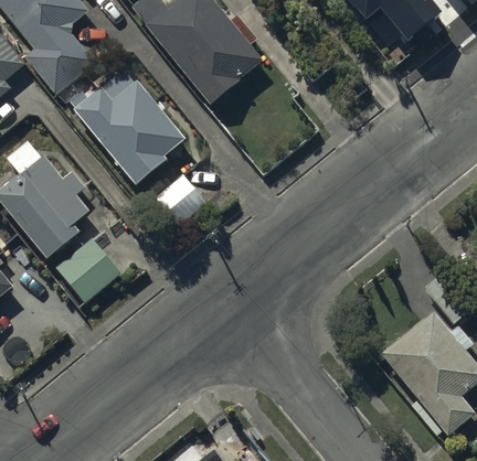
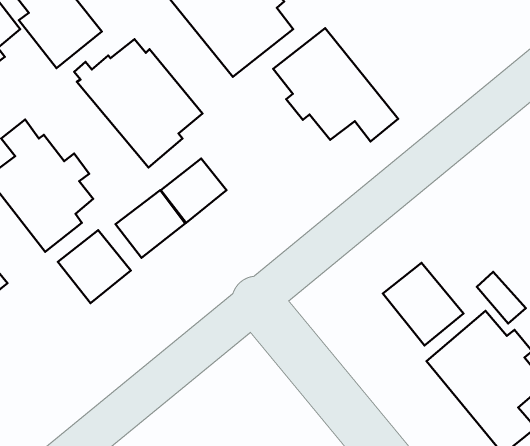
building: none -> [273,28,398,142]
building: none -> [115,190,185,258]
building: none -> [383,263,464,346]

